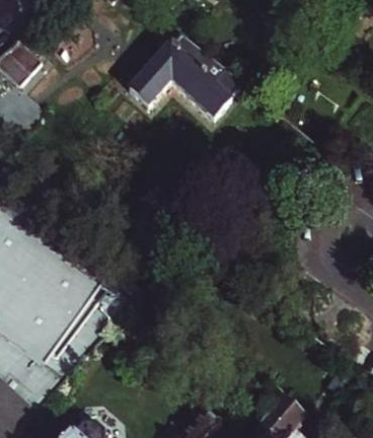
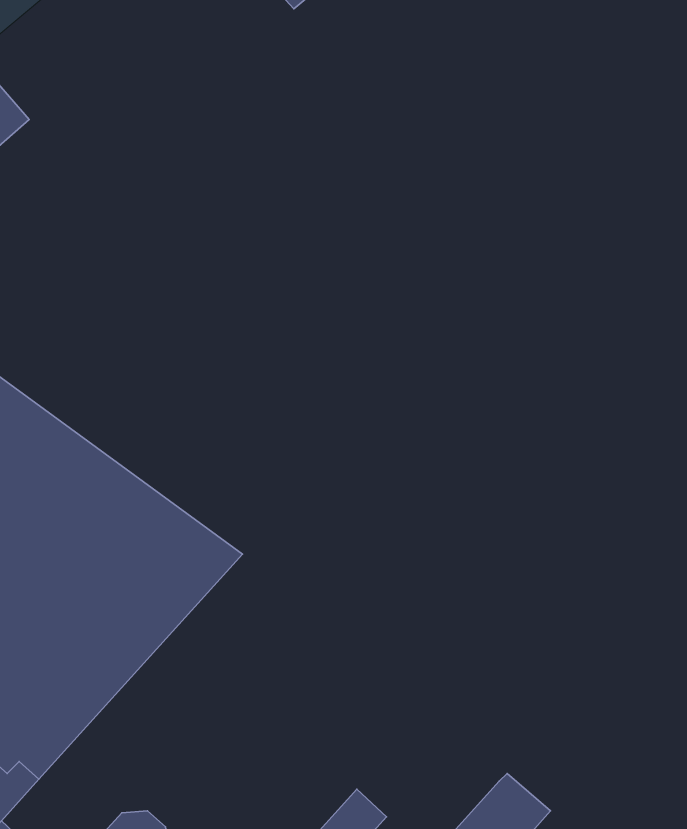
building: [124,34,239,118] -> none

